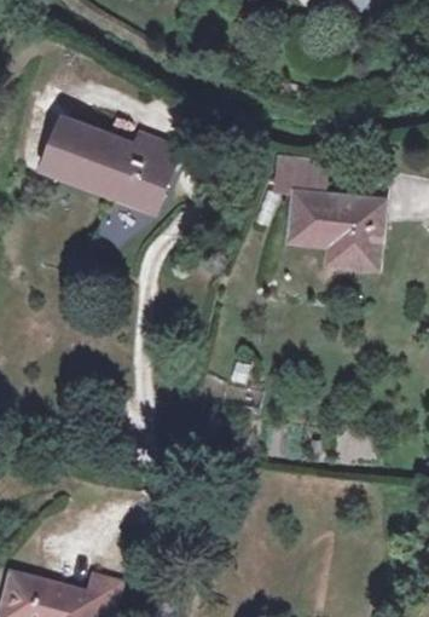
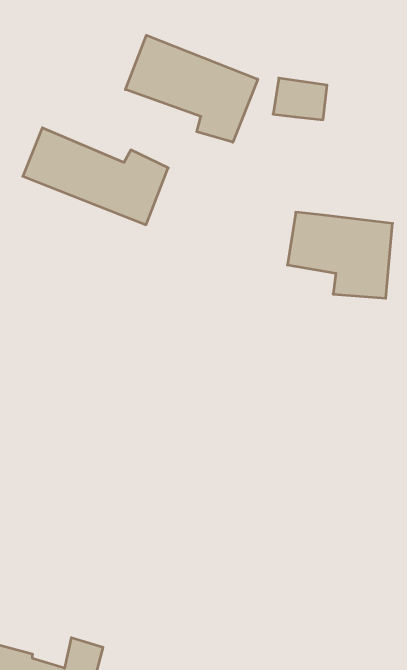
building: none -> [125,35,258,142]
building: [272,161,319,197] -> [273,78,327,120]

